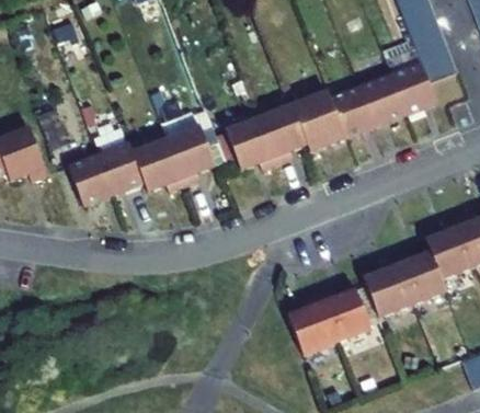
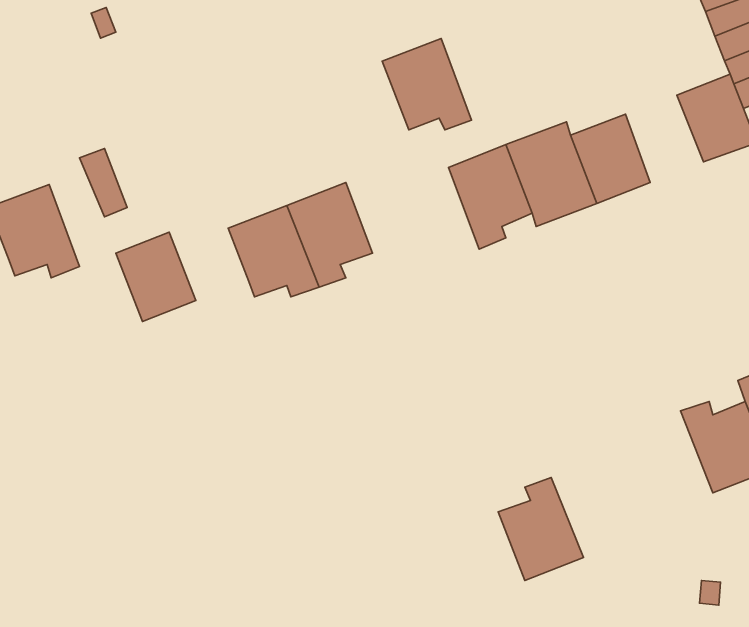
building: [361,74,405,125] -> none
building: [225,116,276,169] -> [382,38,472,130]
building: [98,142,144,193] -> none
building: [362,256,411,317] -> none
building: [318,288,370,341] -> none

